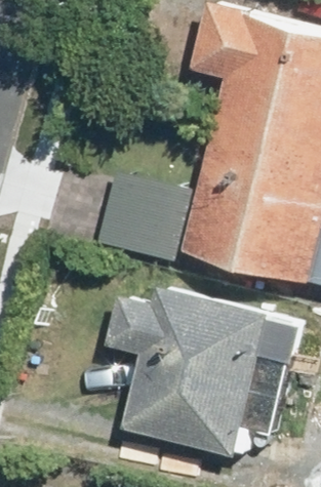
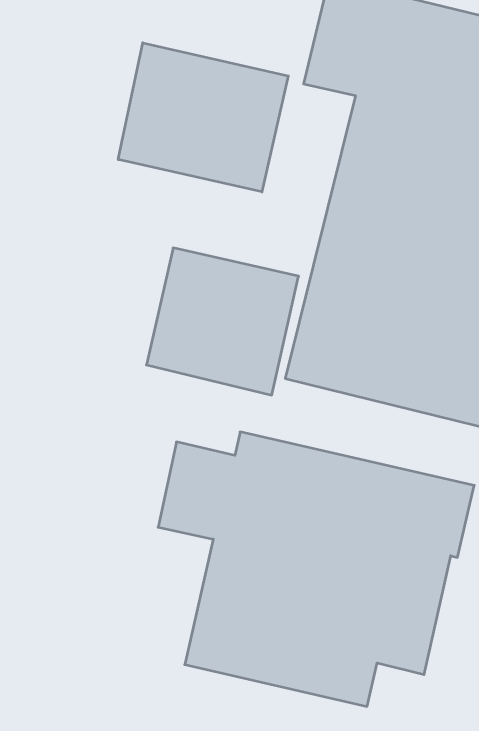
building: none -> [118,43,288,192]

